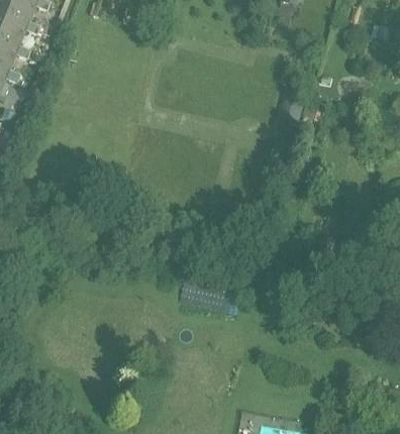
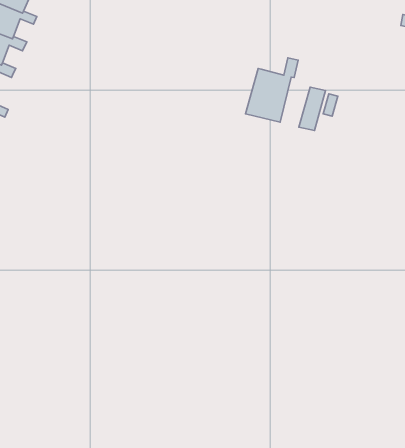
building: none -> [245,58,298,122]

